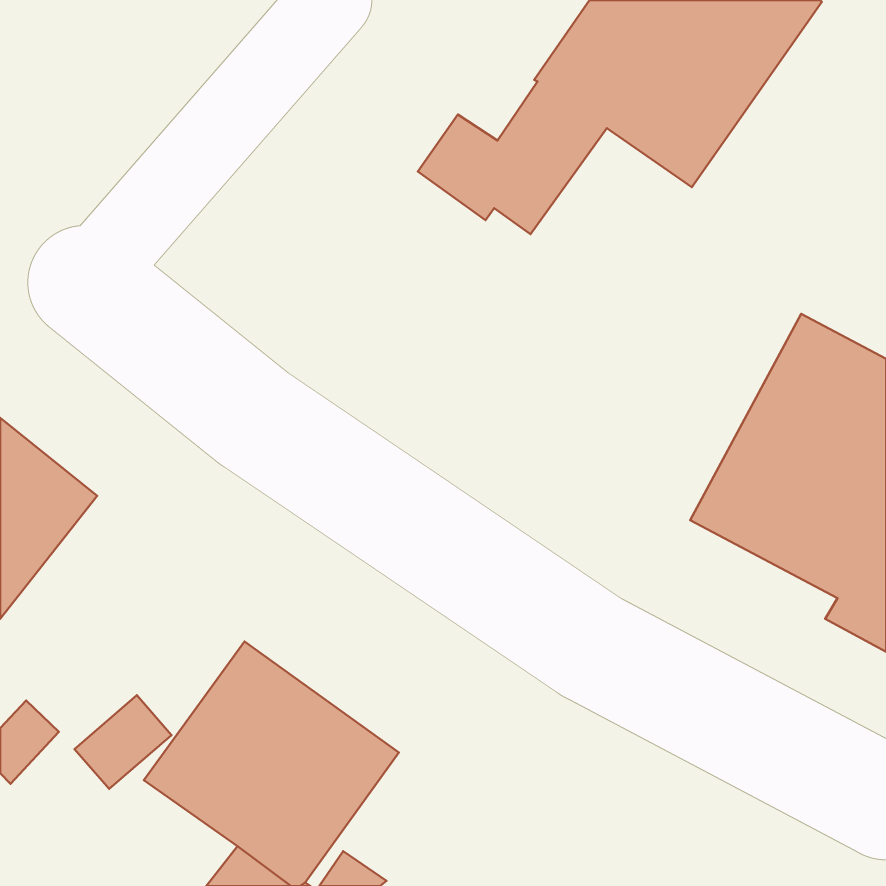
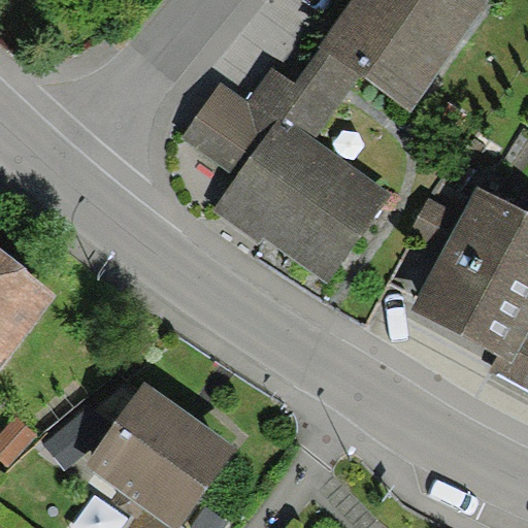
building: none -> [182,82,392,282]

